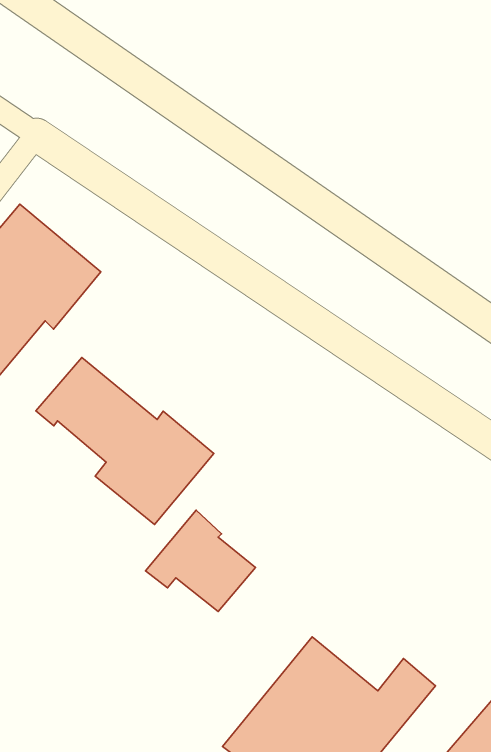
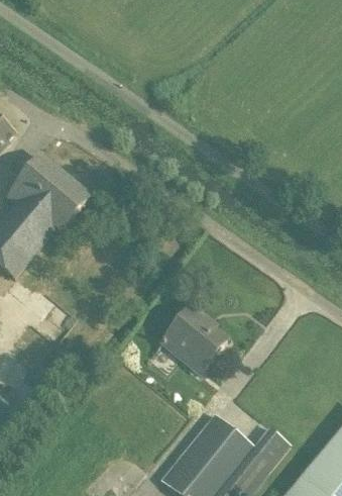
building: [36,357,214,525] -> none
building: [145,510,255,612] -> [162,306,228,367]

